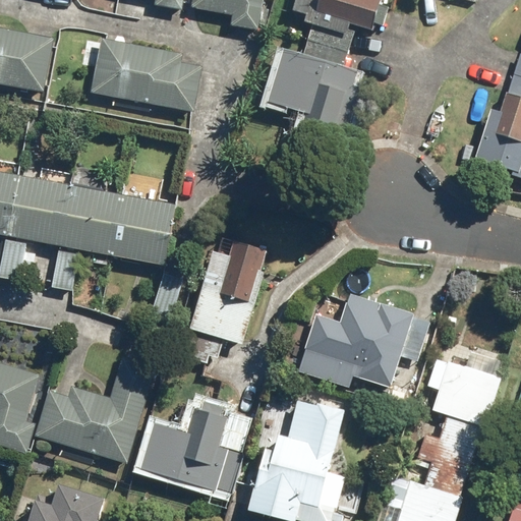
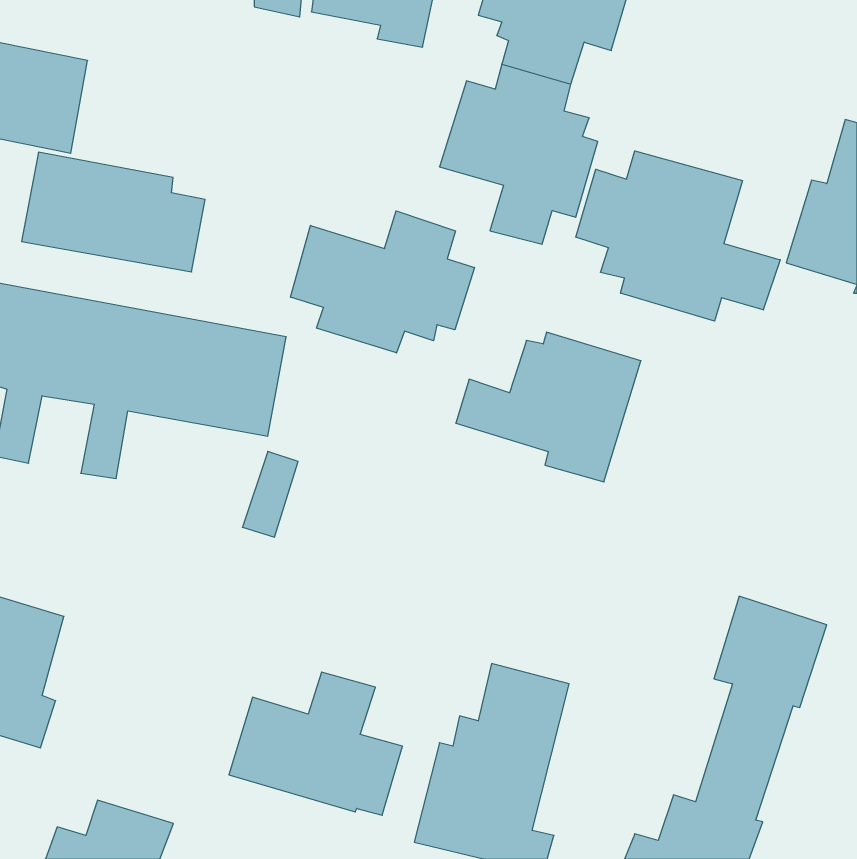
building: [89,38,199,110] -> [22,152,205,272]
building: none -> [576,151,780,321]
building: none -> [290,211,474,353]
building: [174,239,264,361] -> none
building: [303,296,415,387] -> [456,332,641,482]
building: [34,355,154,463] -> none

